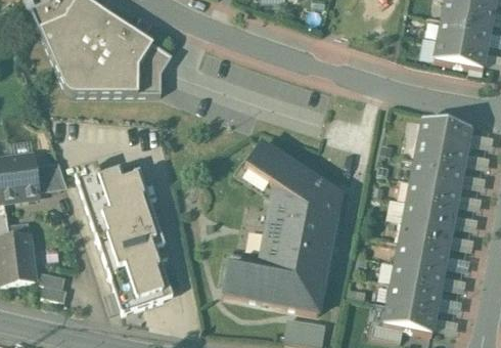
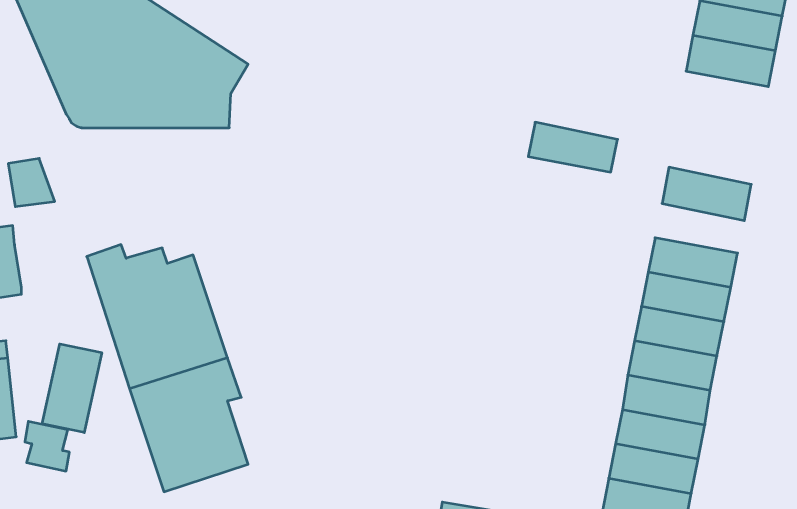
building: [415,138,468,168] -> [528,122,618,172]
building: [222,141,340,311] -> none
building: [34,160,61,188] -> [8,158,55,207]
building: none -> [42,344,102,433]

